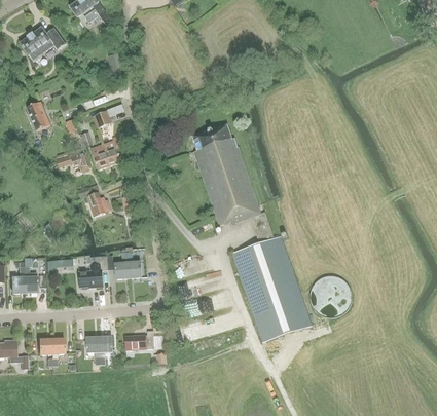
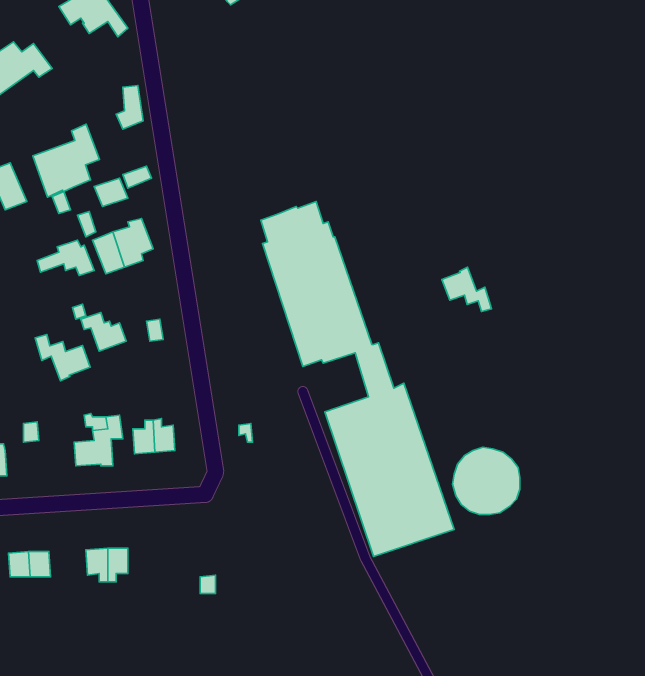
building: none -> [33,124,100,197]
building: none -> [442,267,491,312]
building: none -> [35,334,90,381]
building: [124,330,153,349] -> none

